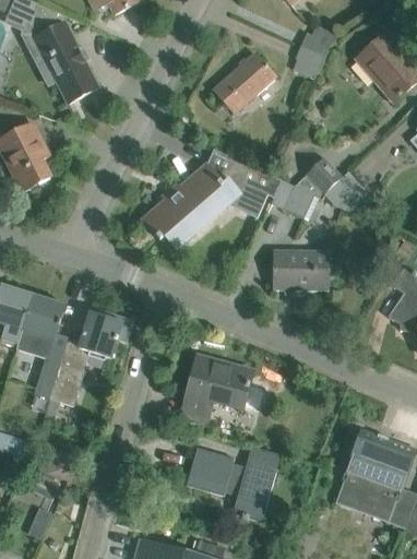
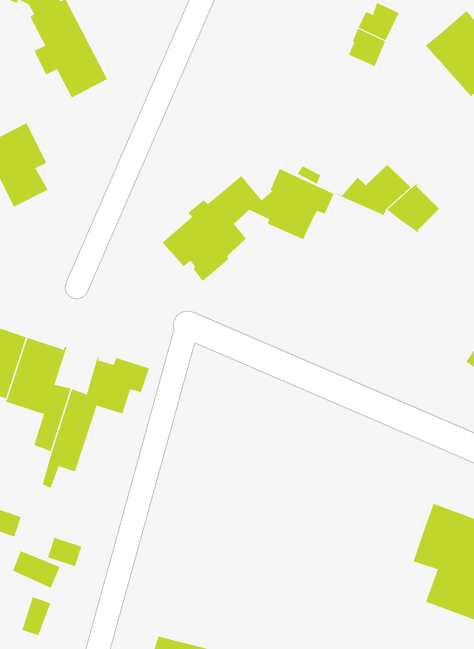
building: [213,52,276,114] -> none
building: [271,180,319,221] -> none
building: [273,249,329,290] -> none
building: [181,358,263,423] -> none
building: [186,447,281,521] -> none

